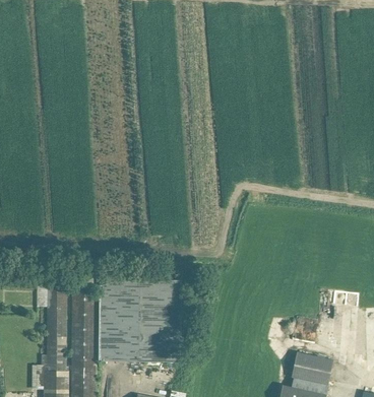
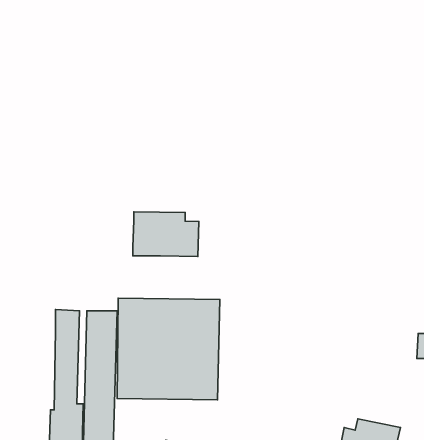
building: none -> [133,212,199,256]
building: [291,352,332,384] -> none

